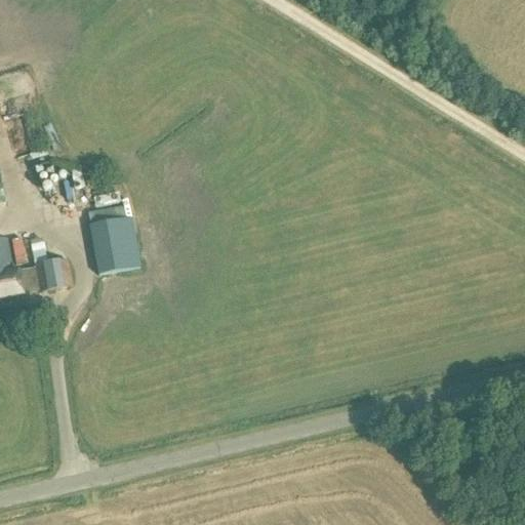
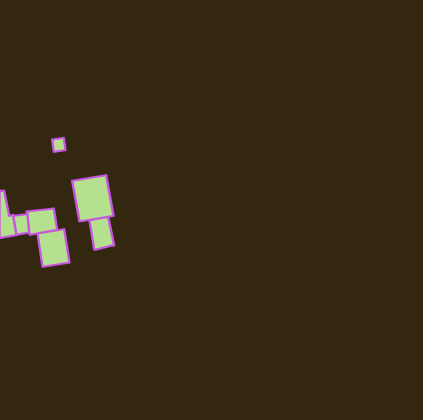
building: none -> [89,217,114,249]
building: none -> [38,229,69,267]

